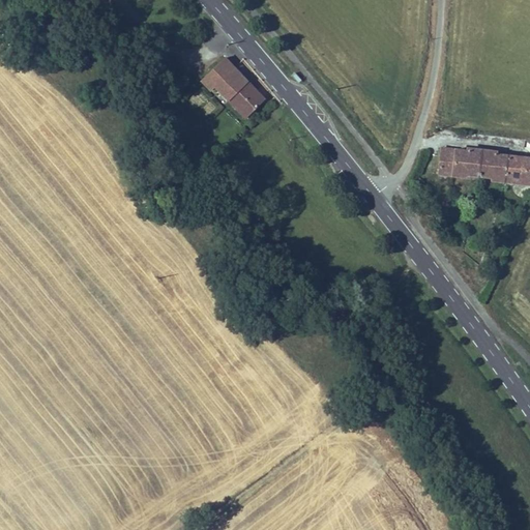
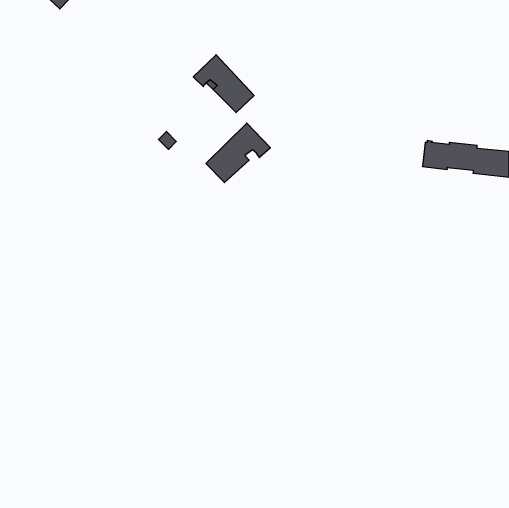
building: none -> [206,123,270,183]

